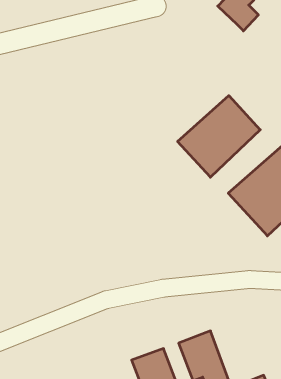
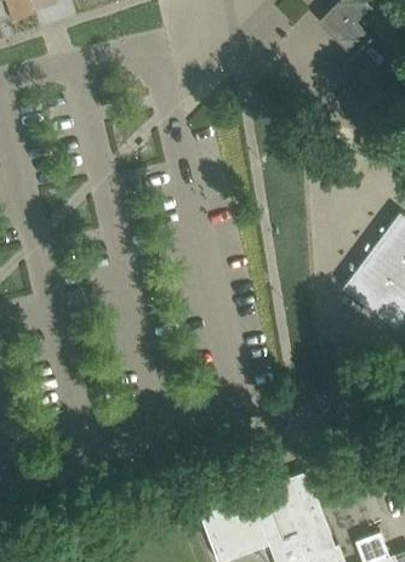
building: [178,96,260,177] -> none

